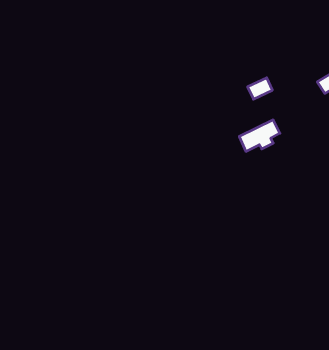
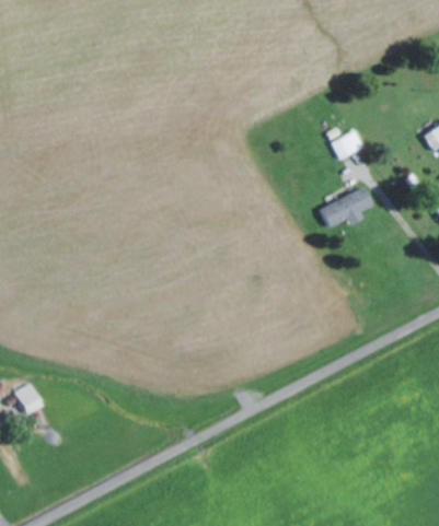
building: none -> [15,384,43,414]

